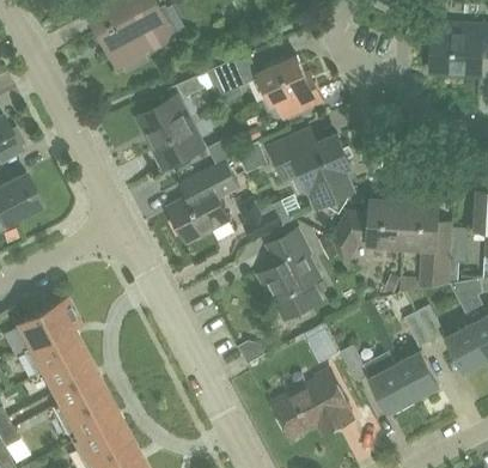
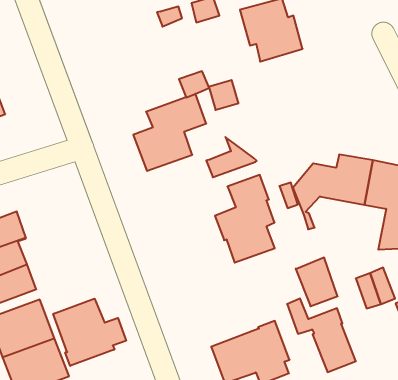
building: [138,98,202,168] -> none
building: [268,129,358,212] -> none
building: [395,351,439,400] -> [296,258,338,306]
building: none -> [53,299,126,366]

